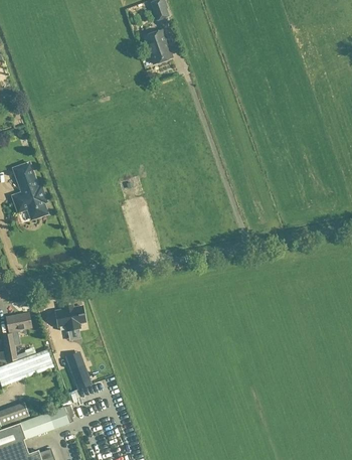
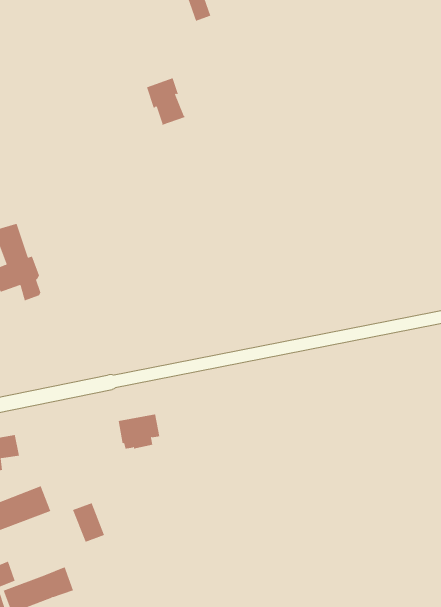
building: [143,29,171,63] -> [146,77,186,126]
building: [54,307,84,332] -> [118,414,160,449]

